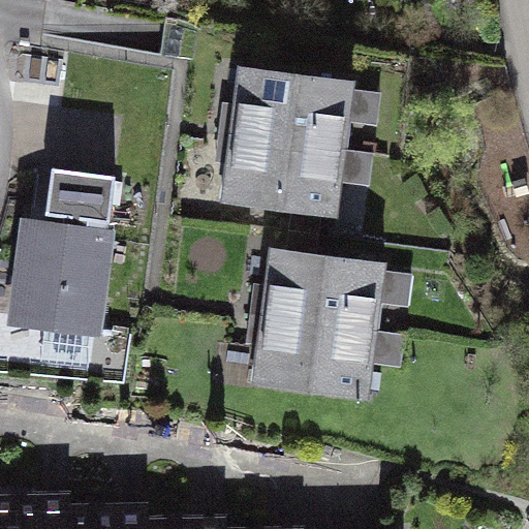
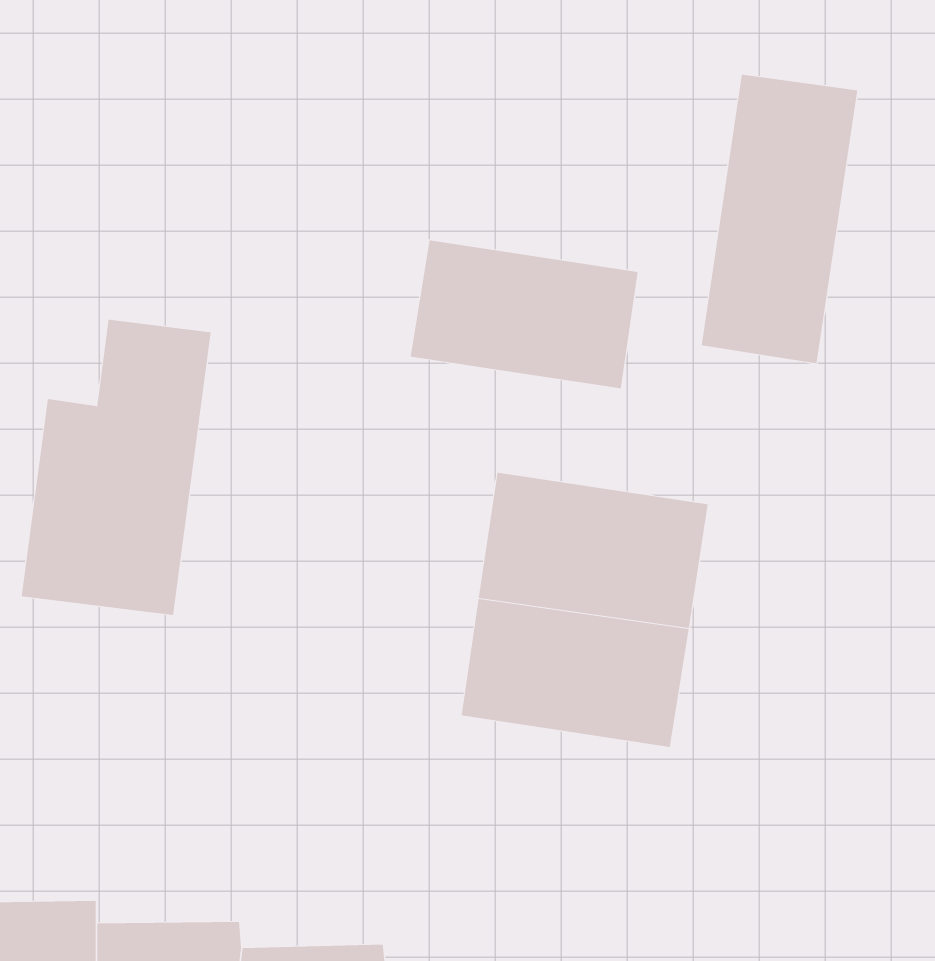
building: none -> [701,74,858,364]
building: [235,65,360,151] -> none

